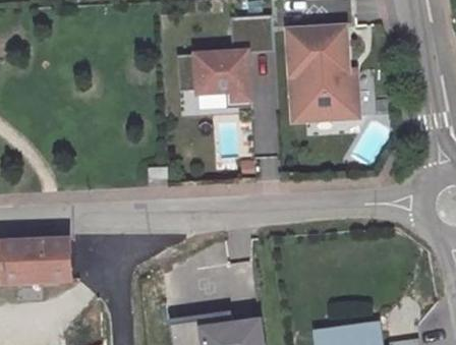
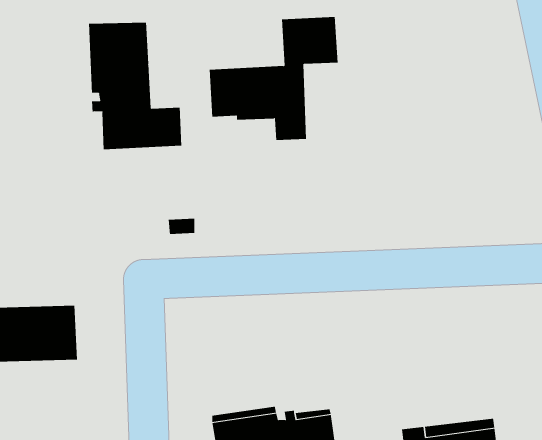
building: none -> [88,22,182,150]
building: [283,32,351,124] -> none

